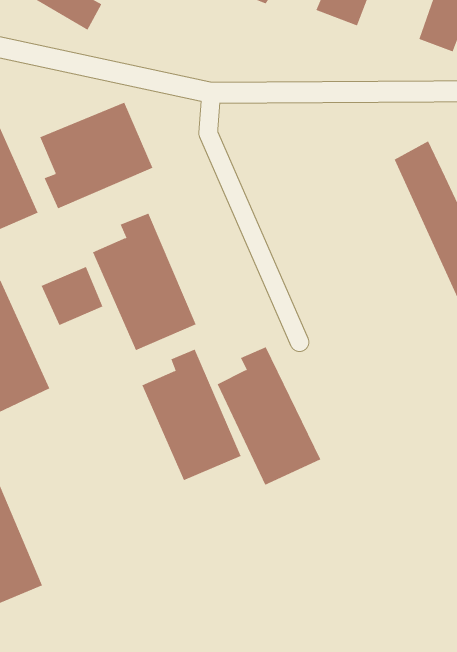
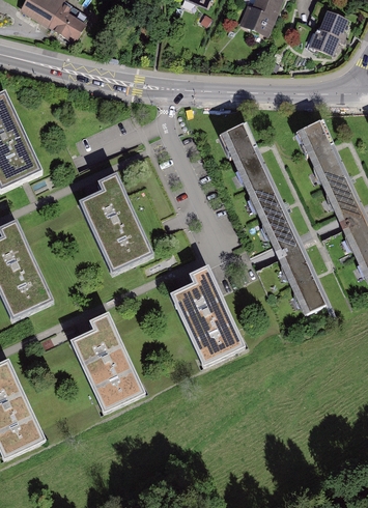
building: [40,102,153,209] -> none
building: none -> [218,122,328,313]
building: [41,266,103,326] -> none
building: [141,349,241,481] -> [69,313,141,407]

